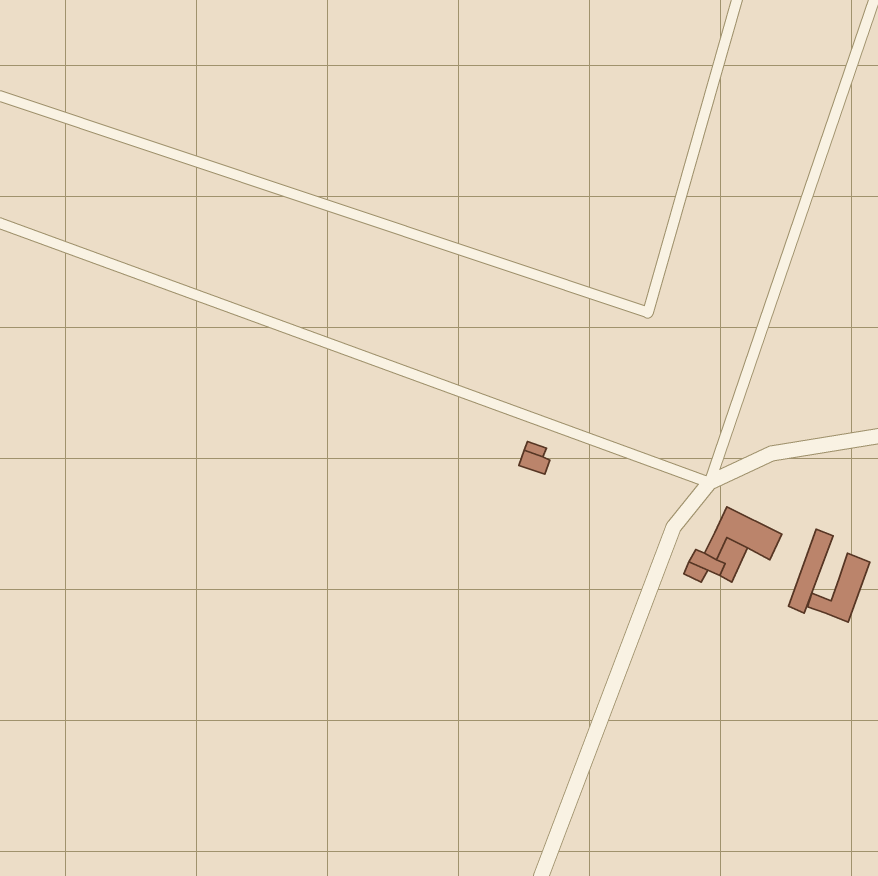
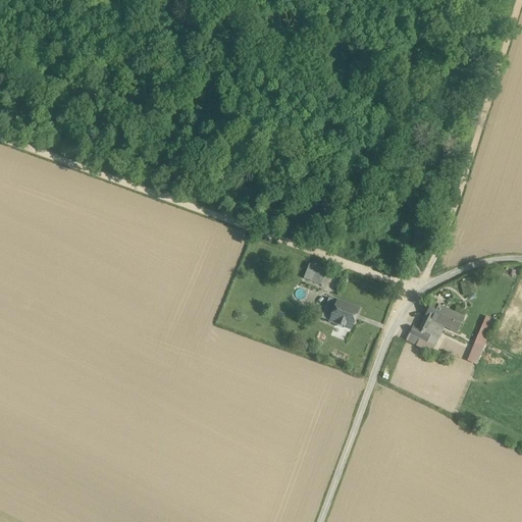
building: none -> [321,298,358,329]
building: [807,553,870,622] -> none

